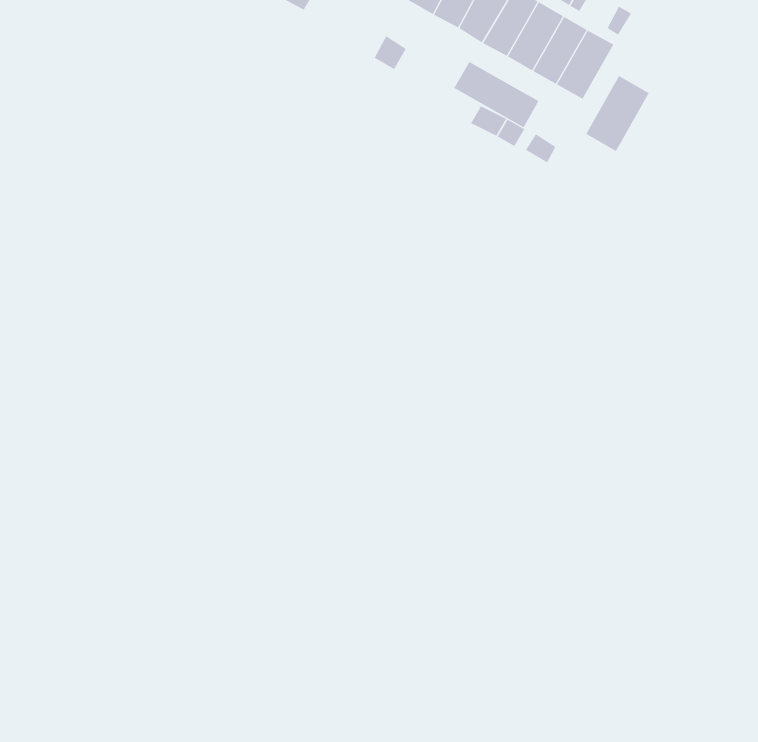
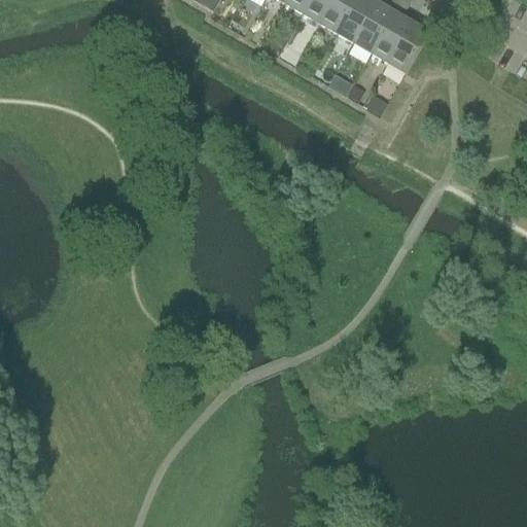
building: [454,61,539,128] -> none
building: [586,75,650,152] -> none

